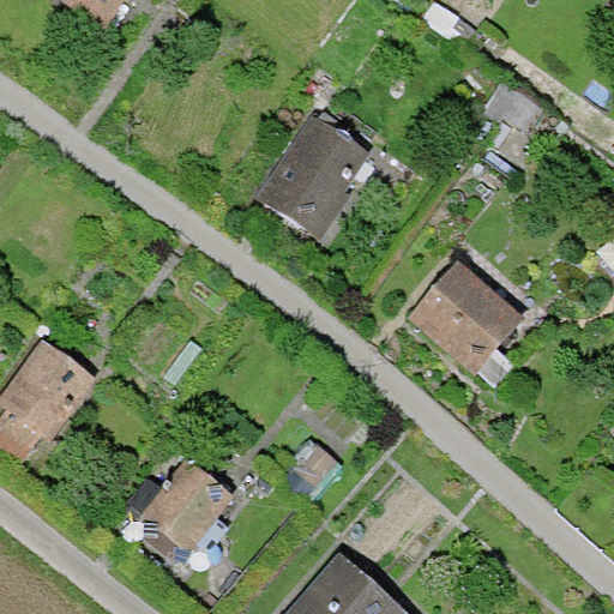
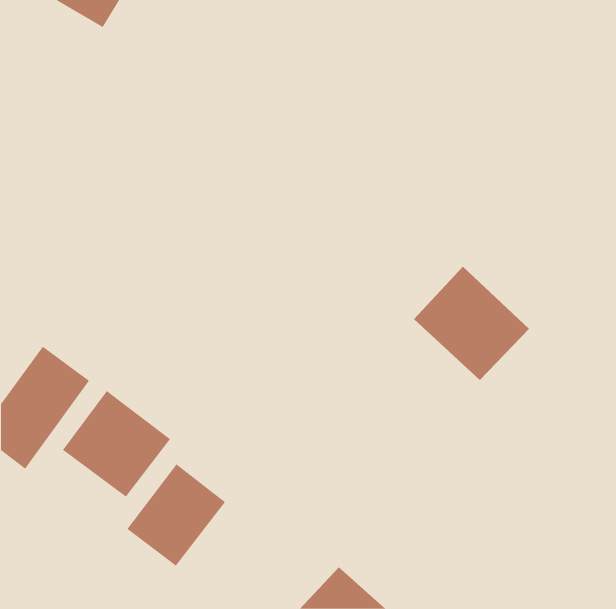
building: [260,113,371,230] -> none
building: none -> [62,390,171,498]

